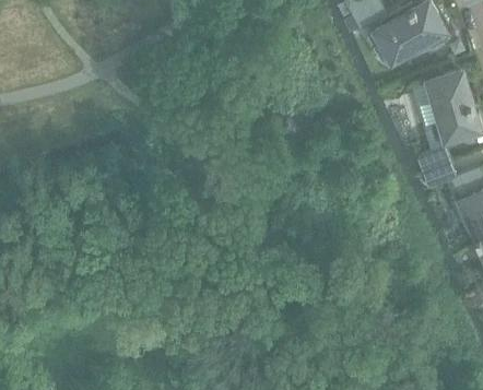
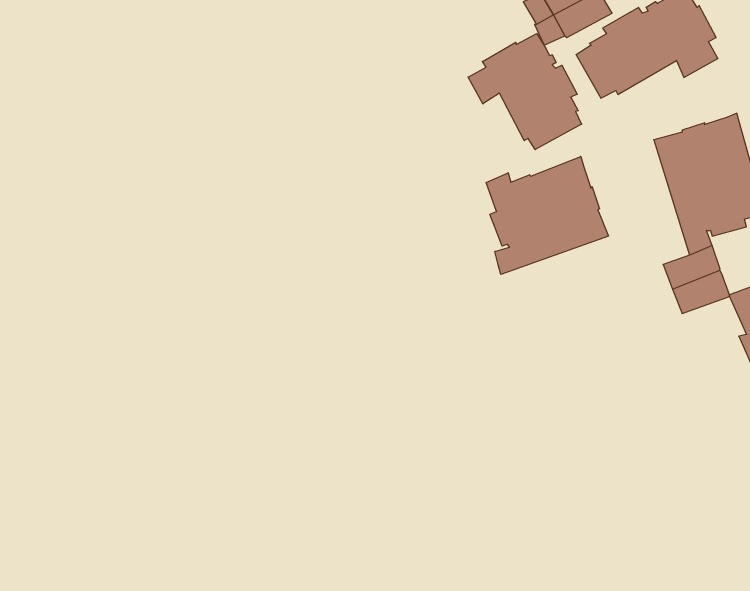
building: none -> [468,34,582,150]
building: none -> [486,156,609,274]

